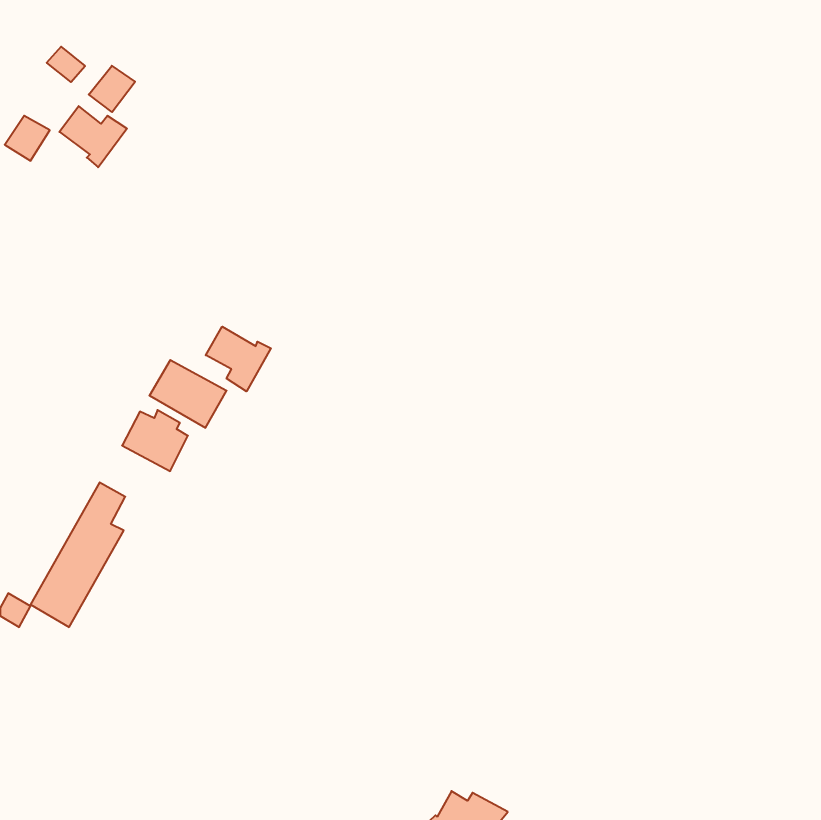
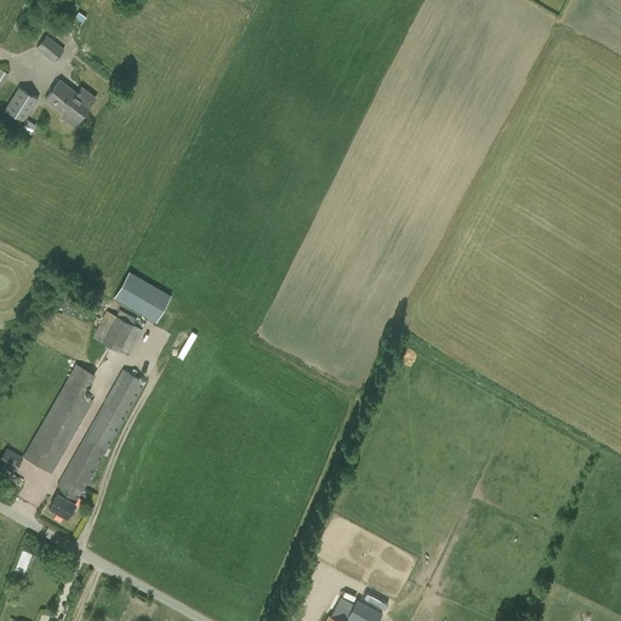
building: [89,66,135,112] -> none
building: [206,327,271,391] -> none
building: none -> [50,370,146,519]

